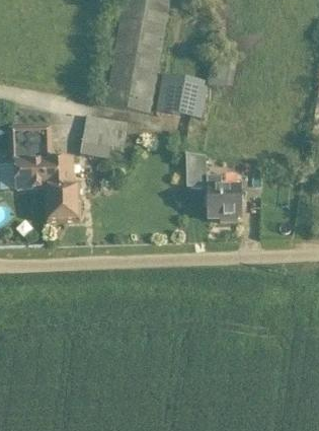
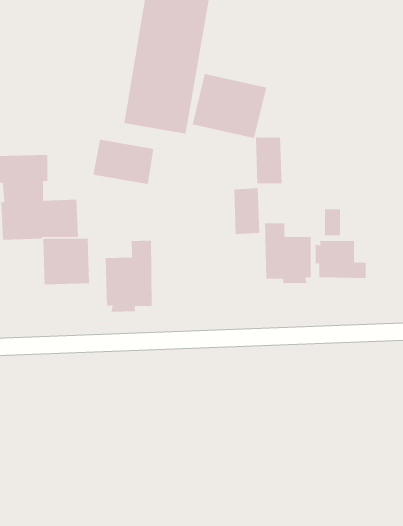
building: none -> [255,137,282,184]
building: none -> [105,240,152,313]
building: none -> [315,240,366,279]

